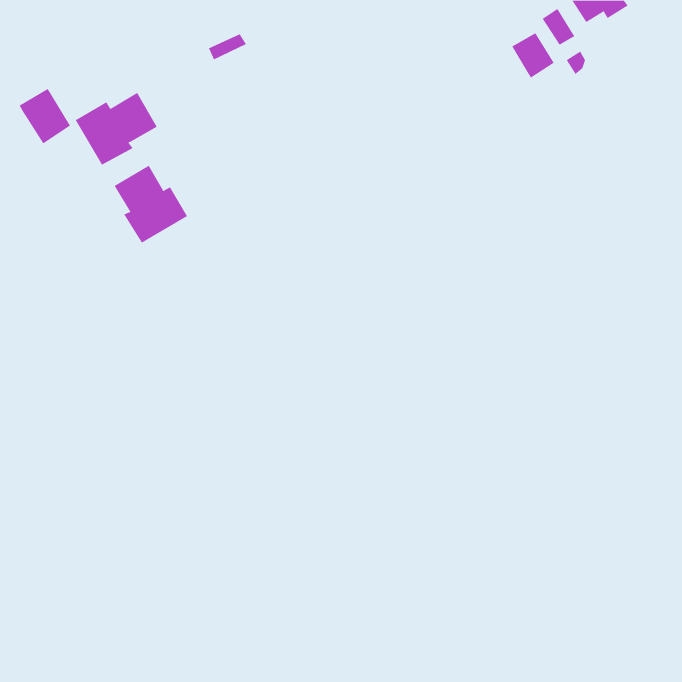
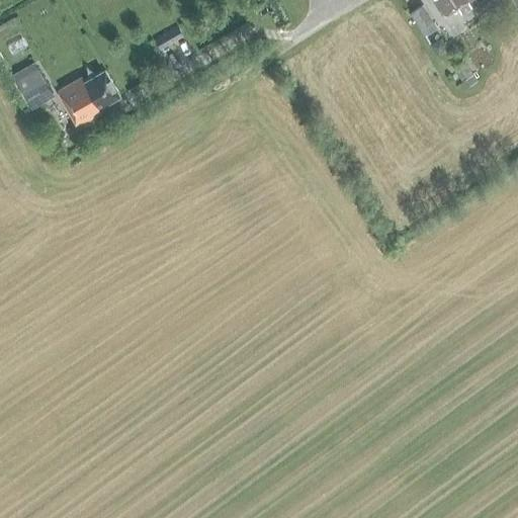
building: [511,33,555,78] -> none
building: [114,165,188,243] -> none

